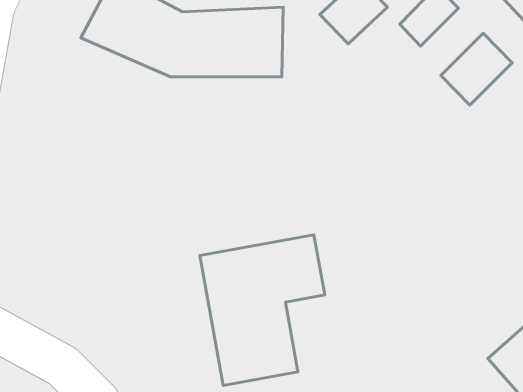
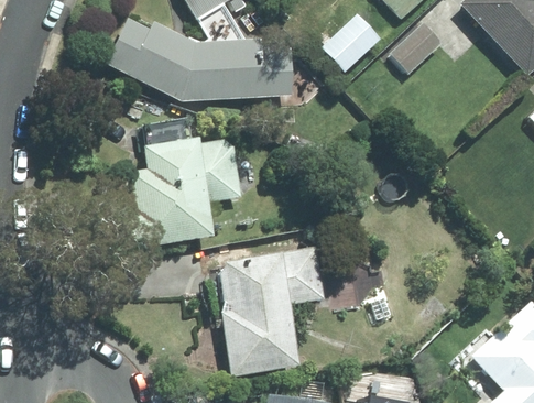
building: [441,33,512,105] -> none
building: none -> [132,117,244,248]

